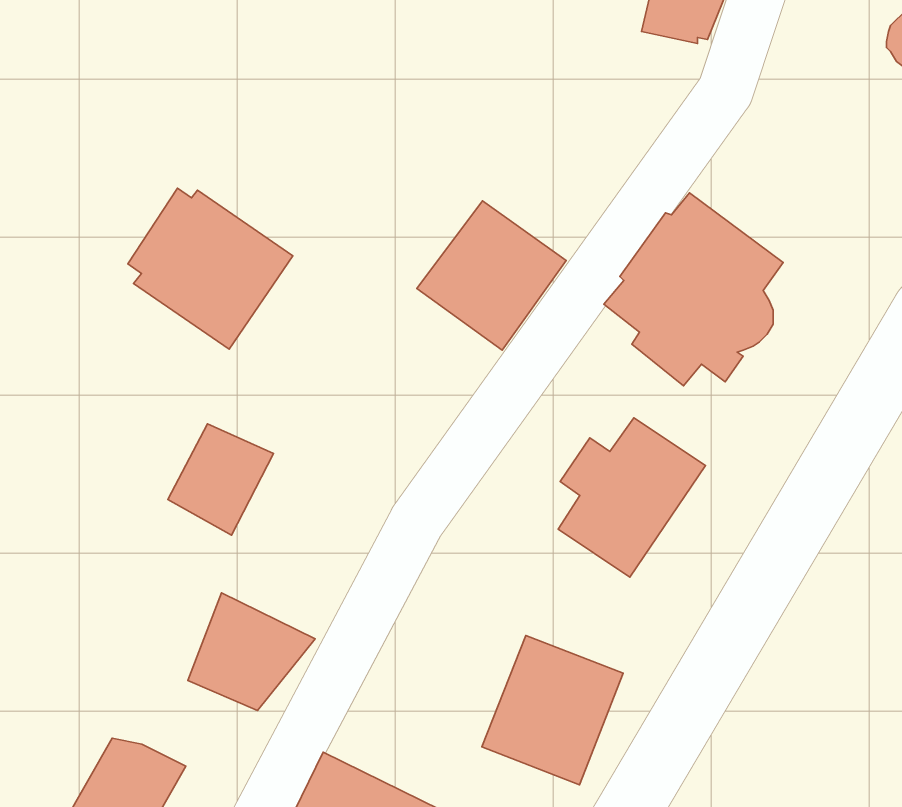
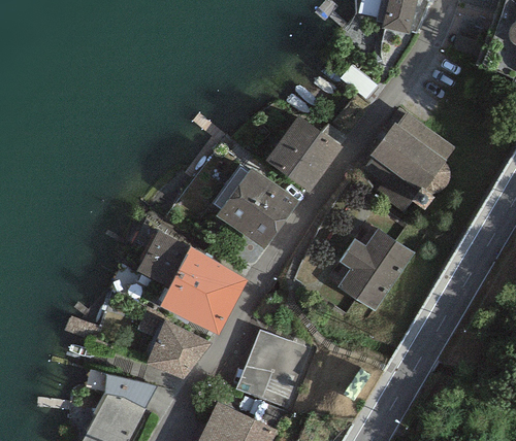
building: [128,188,293,349] -> [212,166,297,249]
building: none -> [159,246,247,334]
building: [482,635,623,785] -> [235,330,309,407]
building: none -> [103,372,157,408]

